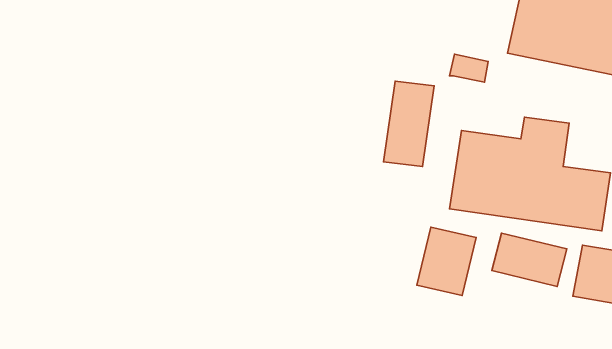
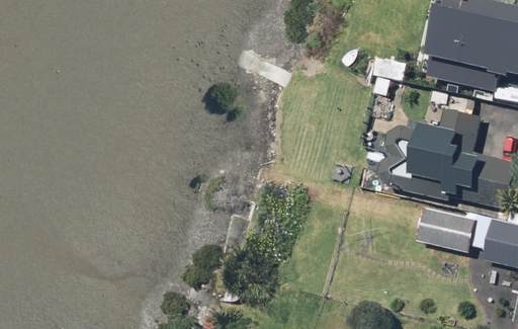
building: [384,81,434,166] -> none
building: [417,227,476,295] -> none

